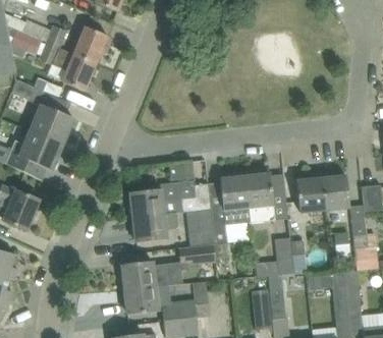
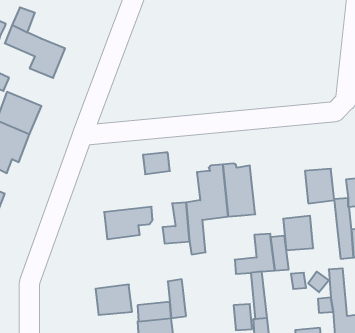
building: [73,26,108,63] -> none
building: [296,178,325,211] -> [283,216,313,250]
building: [129,183,210,217] -> none
building: [179,244,215,266] -> none
building: [119,261,172,289] -> none

